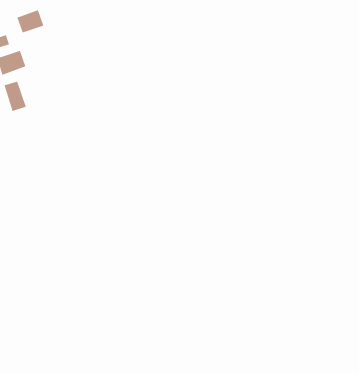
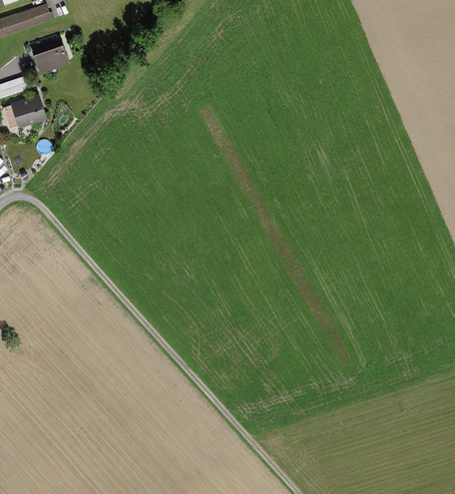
building: [4,81,26,112] -> none

